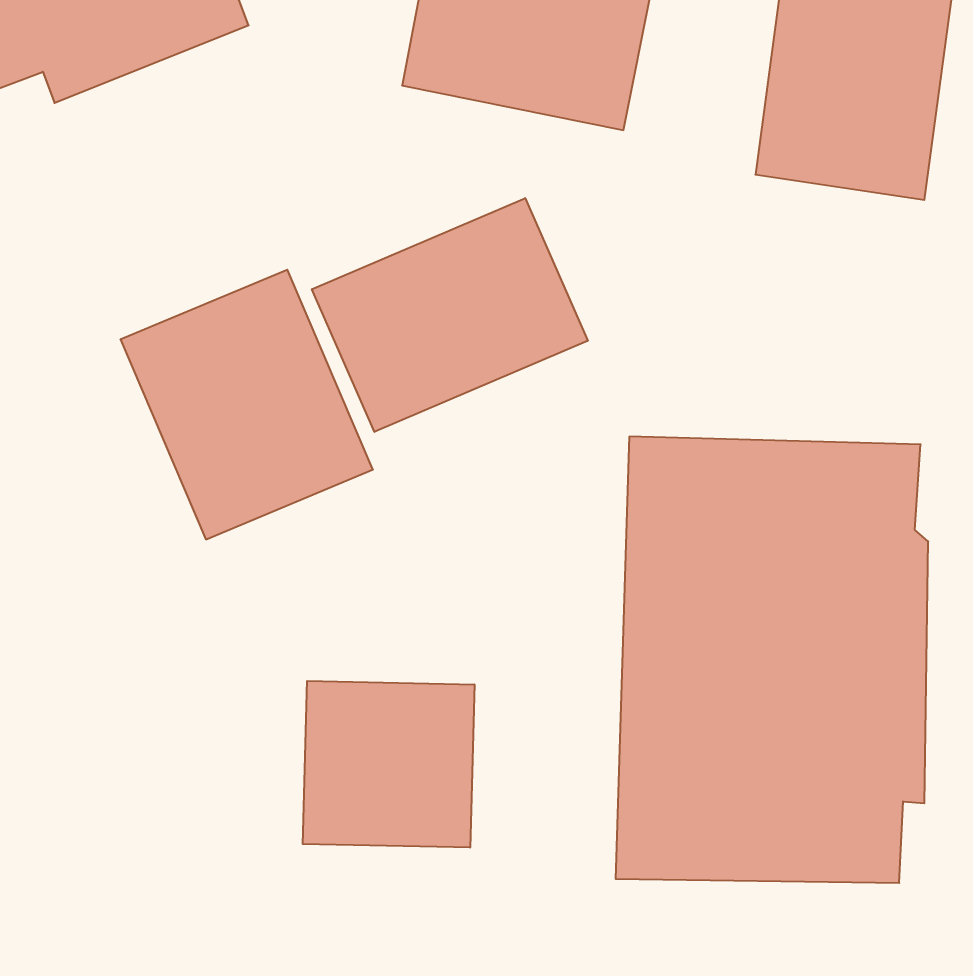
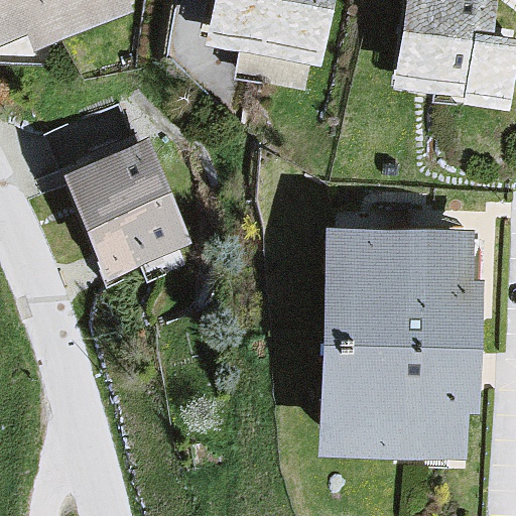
building: [312,198,588,432] -> none
building: [303,681,474,848] -> none

